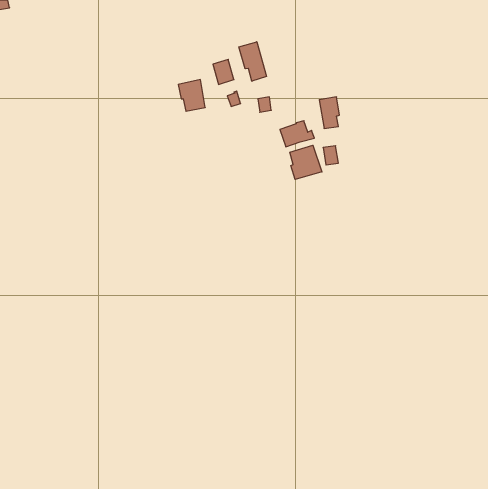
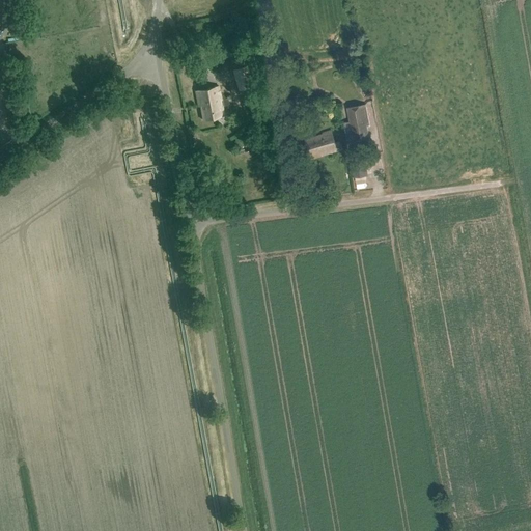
building: [239,42,267,81] -> none
building: [290,145,322,179] -> none

